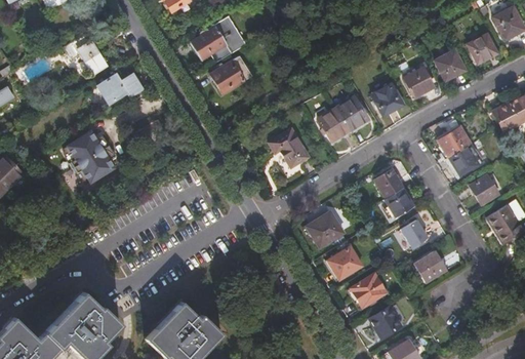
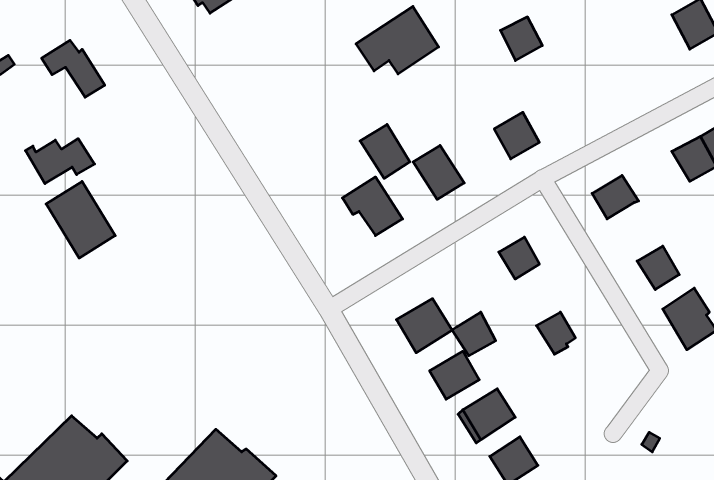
building: [190,16,246,63] -> [356,6,439,74]
building: [468,33,497,64] -> none
building: [435,50,466,81] -> none
building: [210,55,250,93] -> none
building: [405,68,434,97] -> [500,17,542,61]
building: [95,74,143,105] -> [25,139,95,184]
building: [335,95,369,132] -> [360,124,410,178]
building: [449,146,479,176] -> none
building: [383,188,413,217] -> [452,312,496,356]
building: [413,250,446,283] -> none

